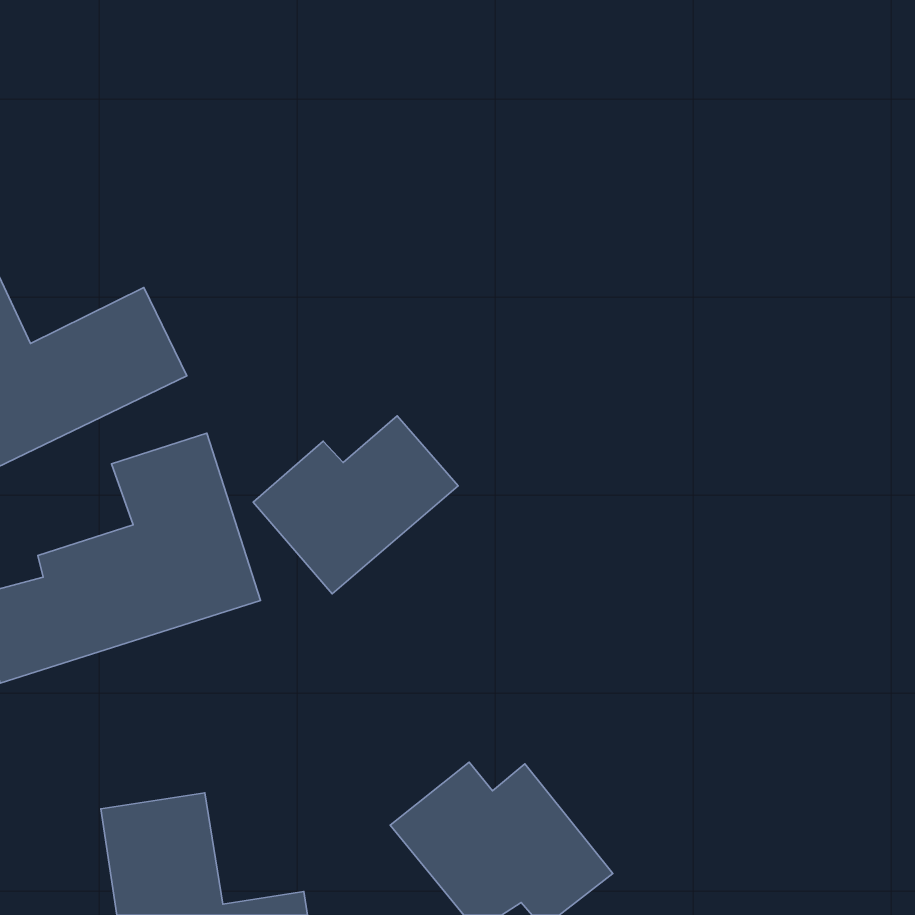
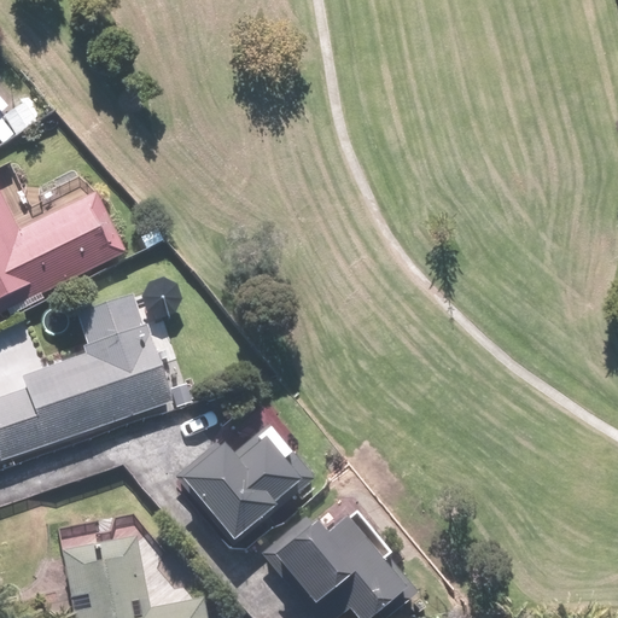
building: [253,416,458,594] -> [177,424,315,543]

